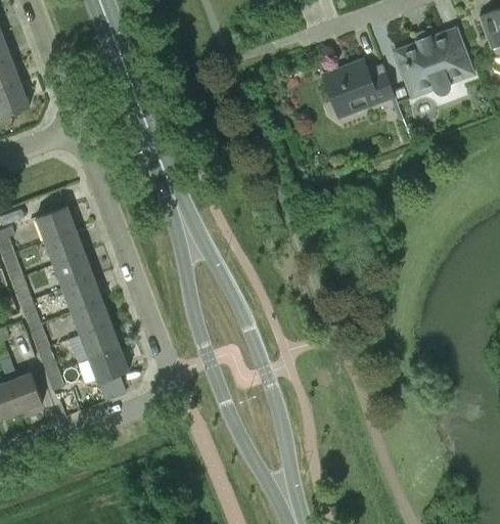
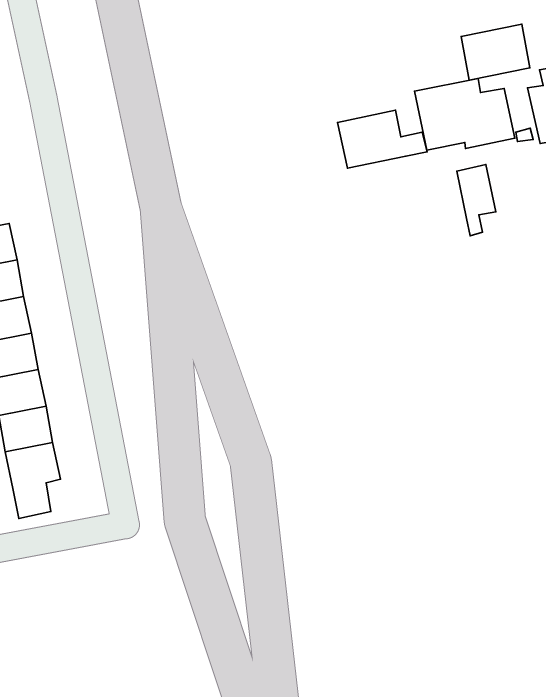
building: none -> [461,24,530,80]
building: none -> [337,110,427,168]
building: none -> [457,165,496,236]

